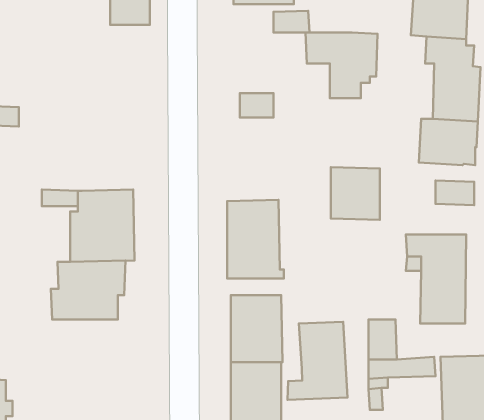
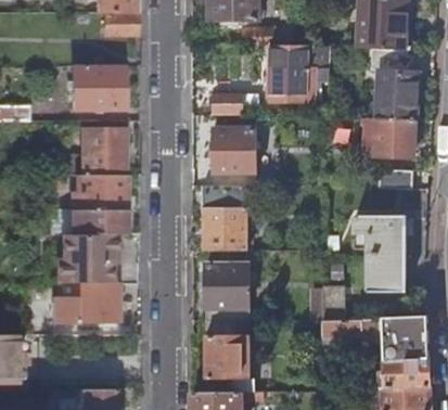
building: none -> [72,67,124,111]
building: none -> [81,130,125,177]
building: [331,167,380,220] -> [215,127,256,171]
building: none -> [43,284,118,324]
building: [288,322,347,400] -> none

